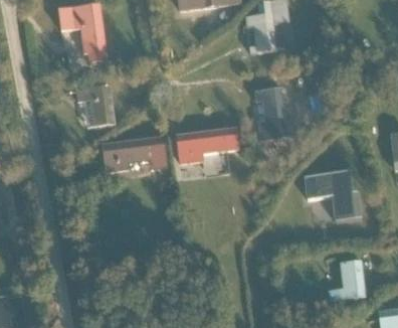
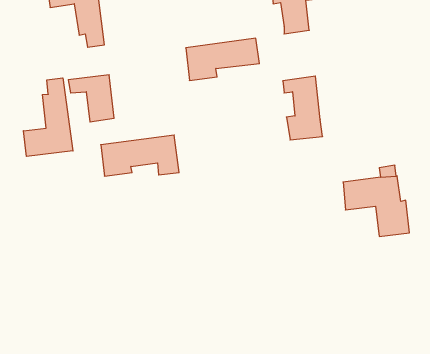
building: none -> [23,78,73,156]
building: [177,128,238,163] -> [186,38,259,80]
building: [329,260,365,300] -> none

